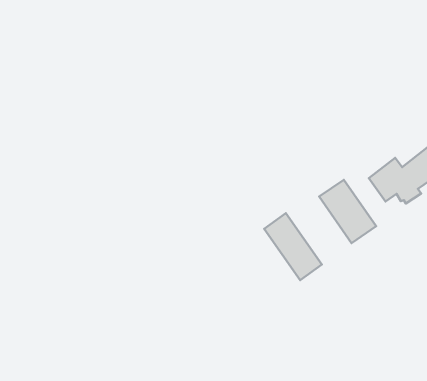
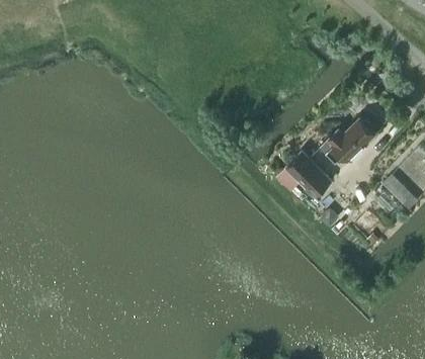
building: [264,213,322,280] -> none

